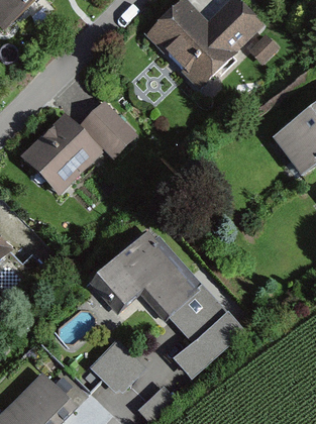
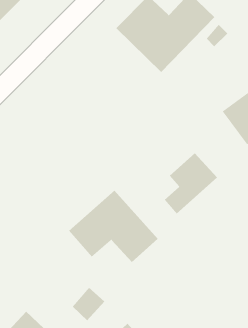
building: [20,101,133,202] -> none
building: [178,297,241,369] -> [164,153,218,214]

